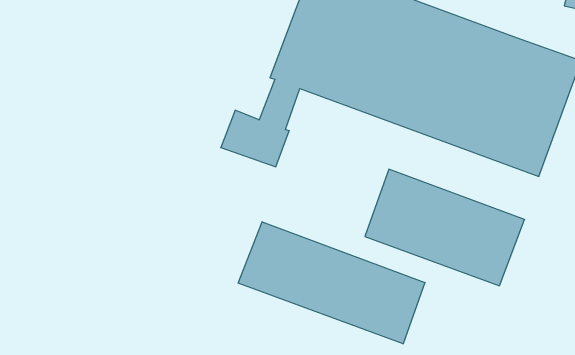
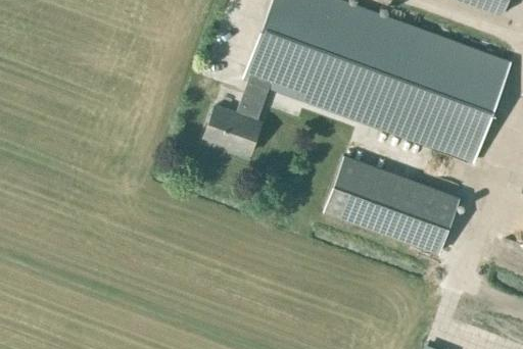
building: [238,222,425,344] -> none

